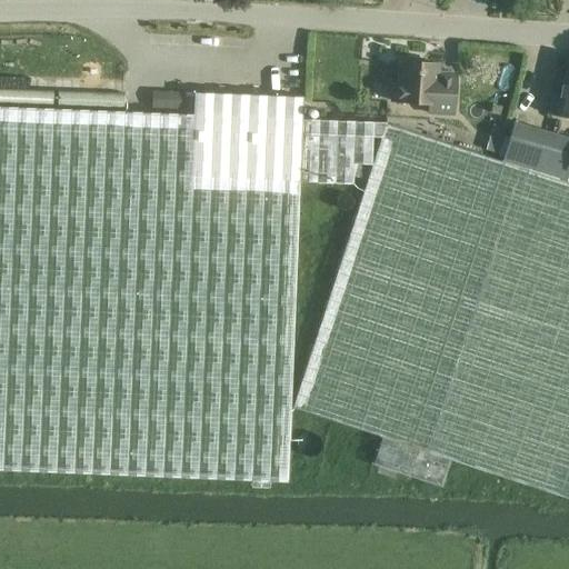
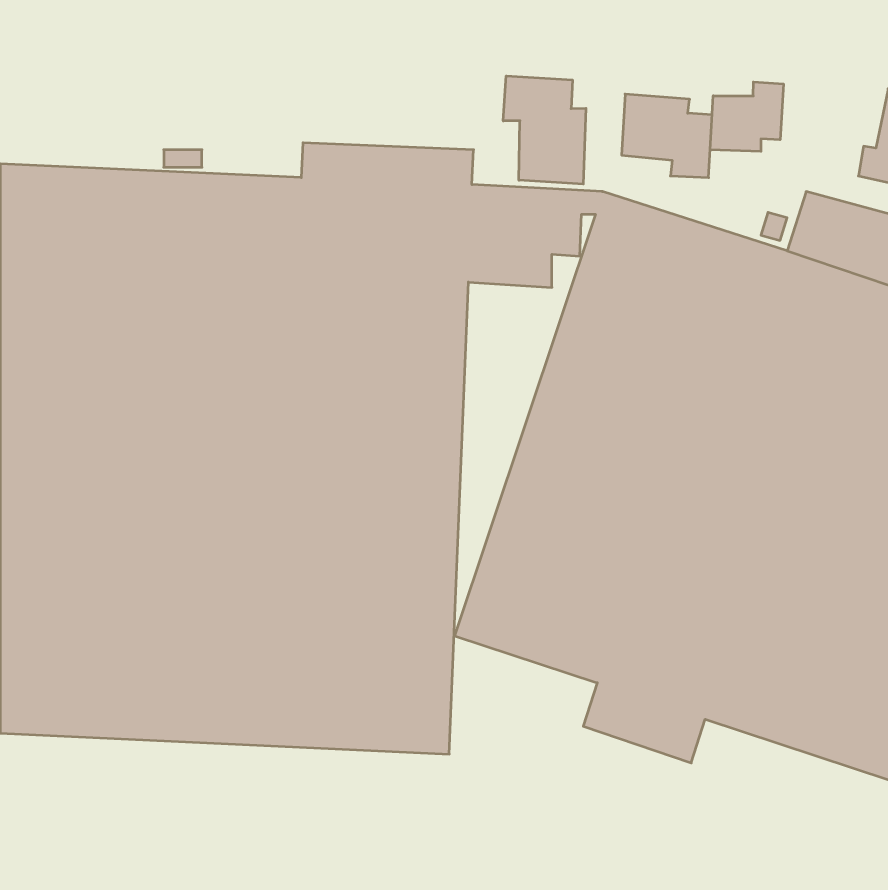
building: none -> [503,76,586,184]
building: none -> [710,82,783,151]

